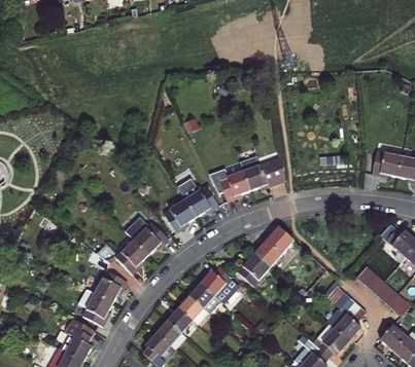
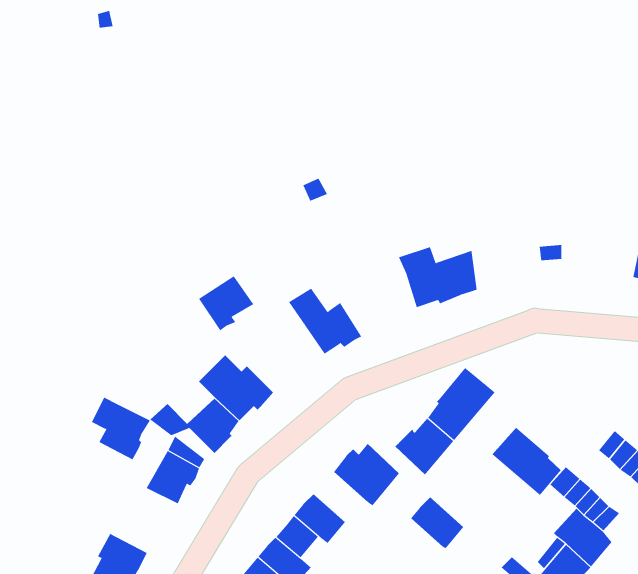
building: [206,170,248,203] -> none
building: [164,201,196,233] -> [198,275,254,331]
building: none -> [492,427,562,496]
building: [189,285,220,315] -> [410,497,464,549]
building: [78,290,112,326] -> [91,397,151,460]

